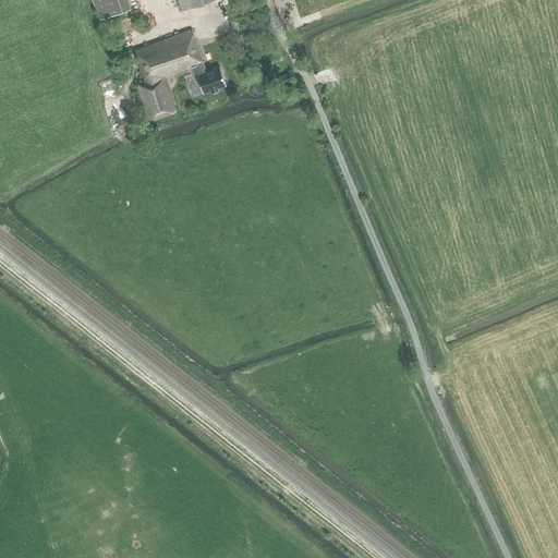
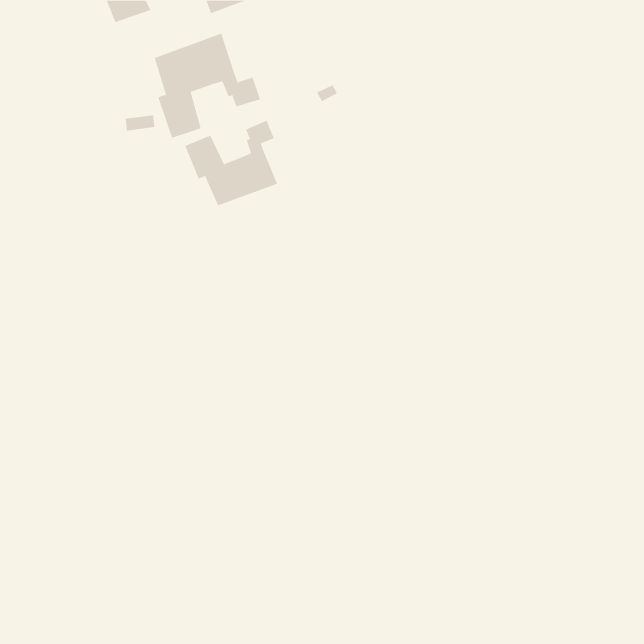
building: none -> [184,120,278,206]

